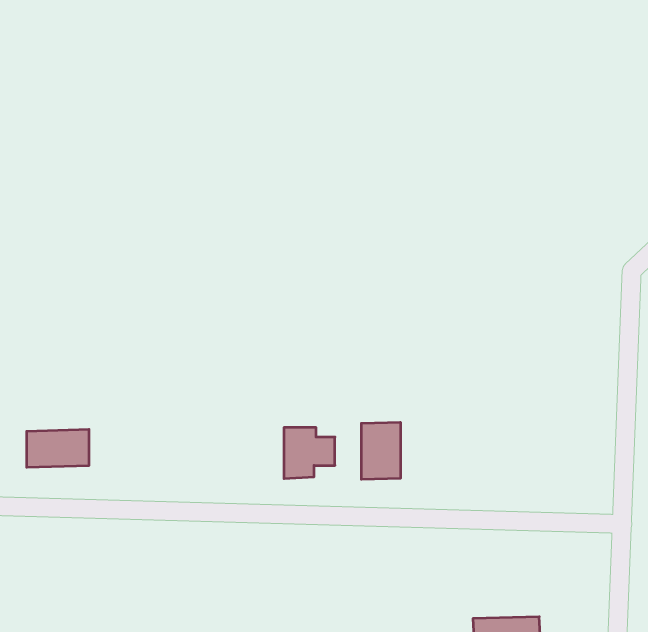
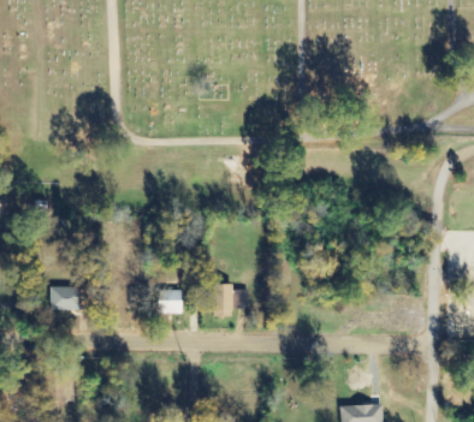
building: [361,422,400,479] -> none
building: none -> [156,289,184,313]

